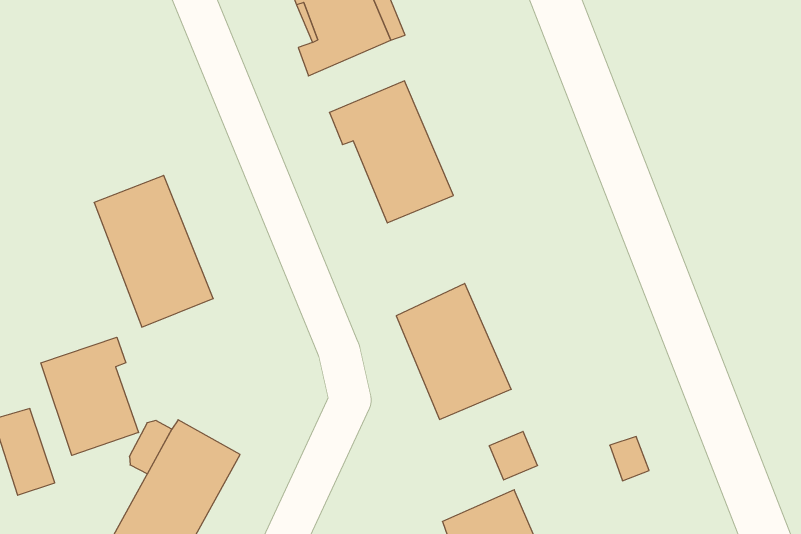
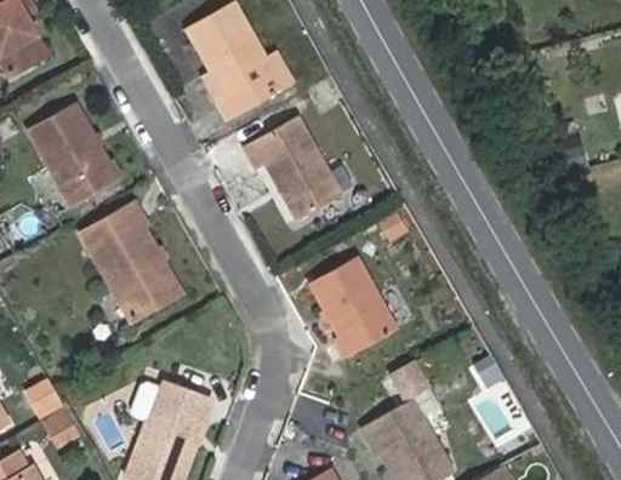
building: none -> [29,103,116,206]
building: [41,337,139,455] -> none

